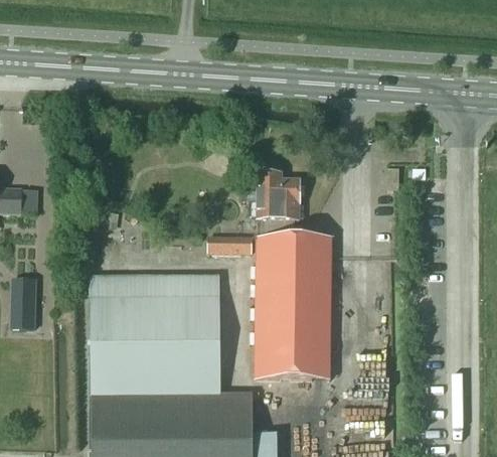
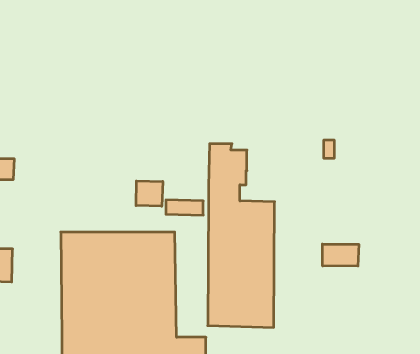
building: none -> [136,181,163,206]
building: none -> [322,244,359,266]

